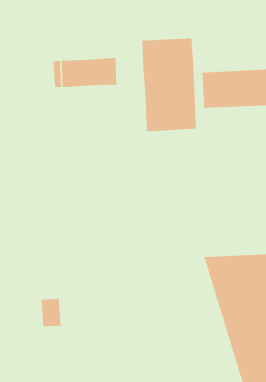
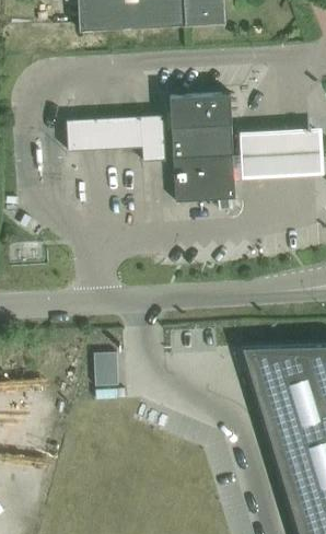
building: none -> [140,114,165,160]
building: [41,299,61,327] -> [94,351,118,384]

